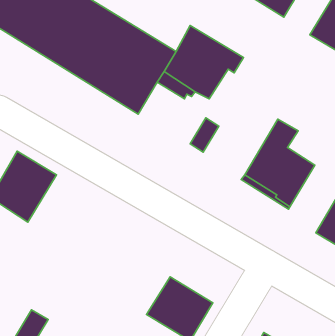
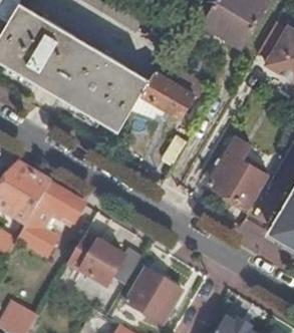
building: none -> [16,183,85,257]
building: none -> [68,233,142,286]

